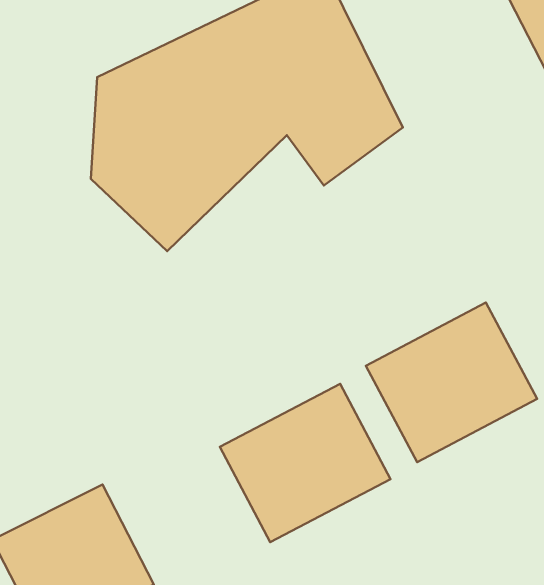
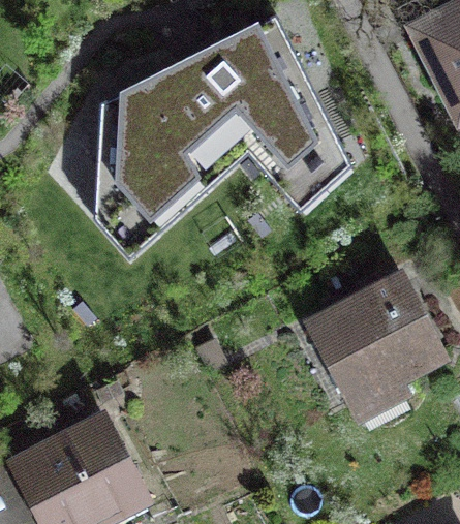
building: [220,384,391,542] -> none

